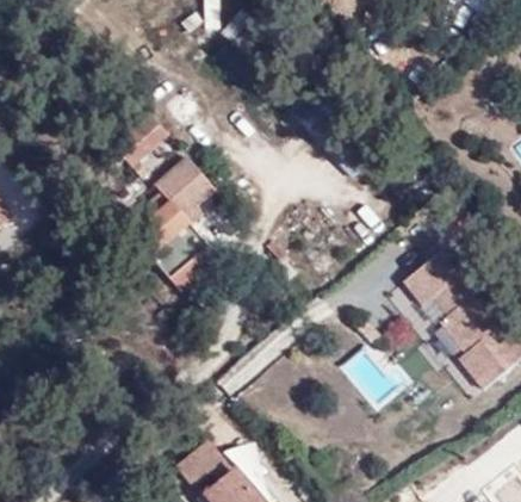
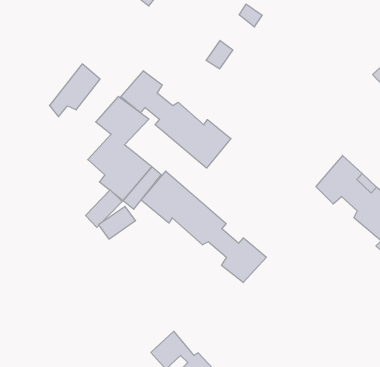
building: none -> [121,71,231,168]
building: none -> [141,171,266,283]

